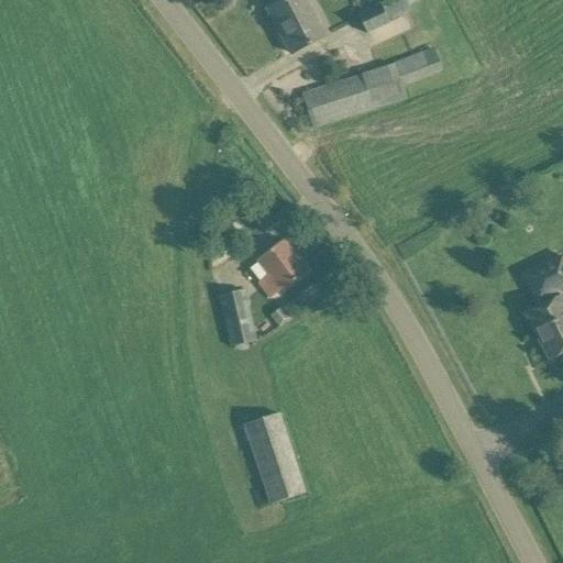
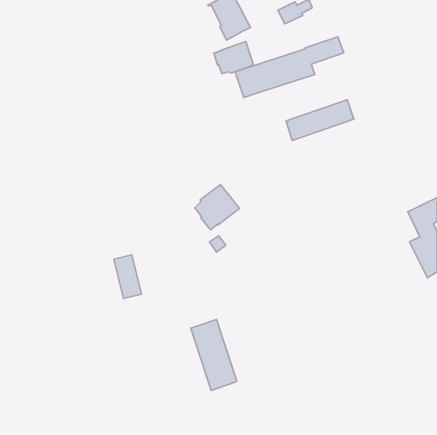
building: none -> [214,42,253,74]
building: none -> [286,100,354,141]
building: [220,288,255,344] -> [114,255,141,299]

